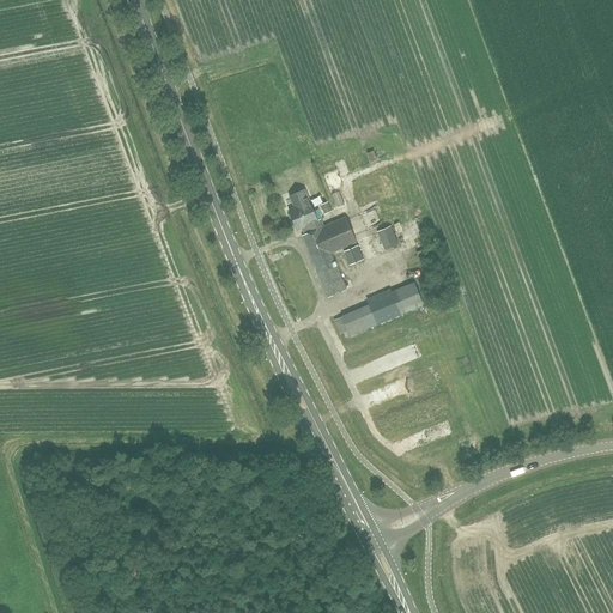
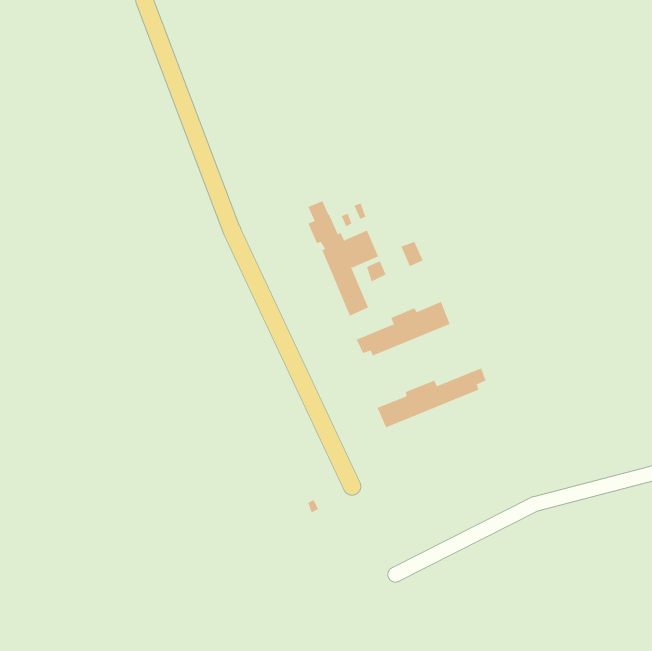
building: none -> [377,367,486,428]

